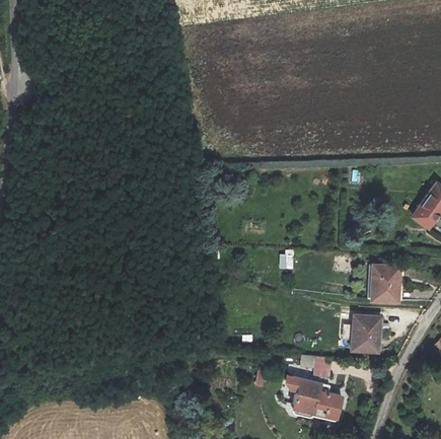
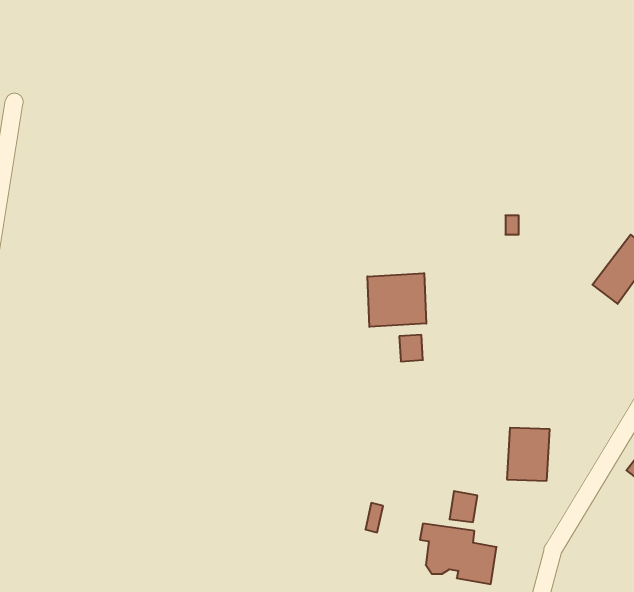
building: none -> [367,273,426,327]
building: [372,267,401,300] -> none

